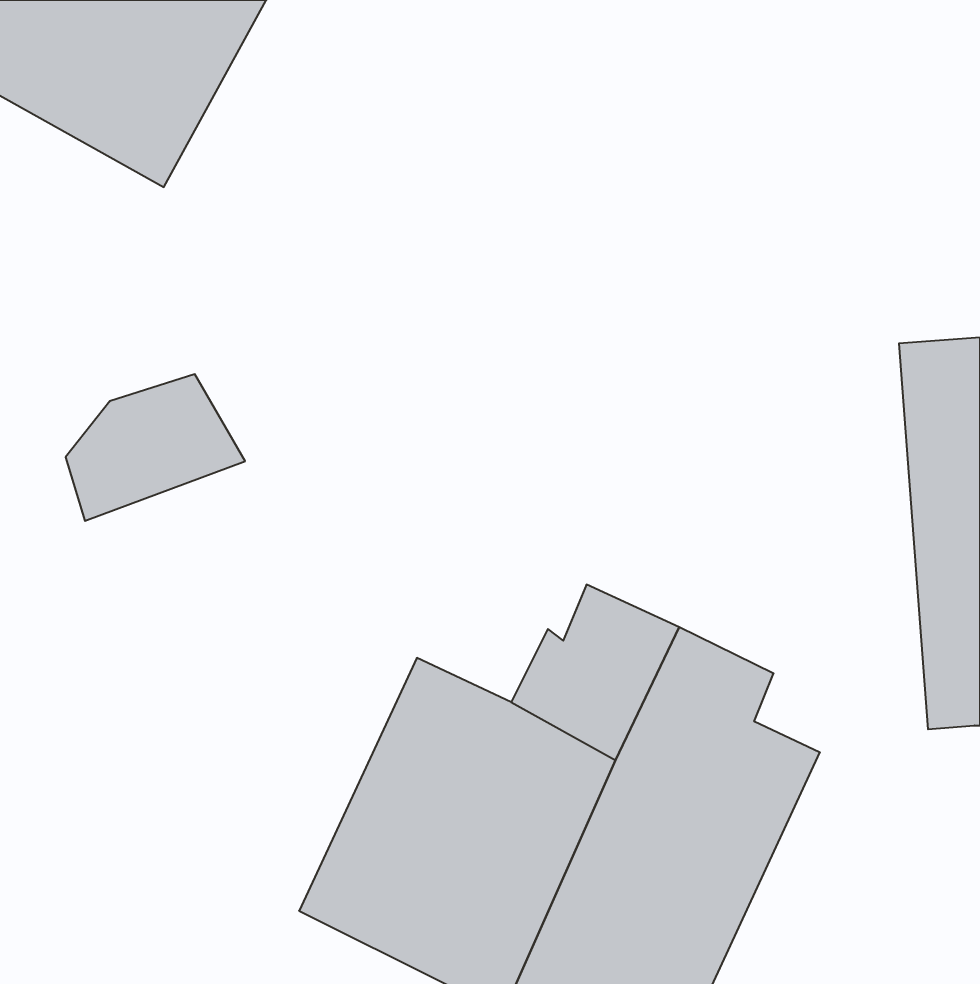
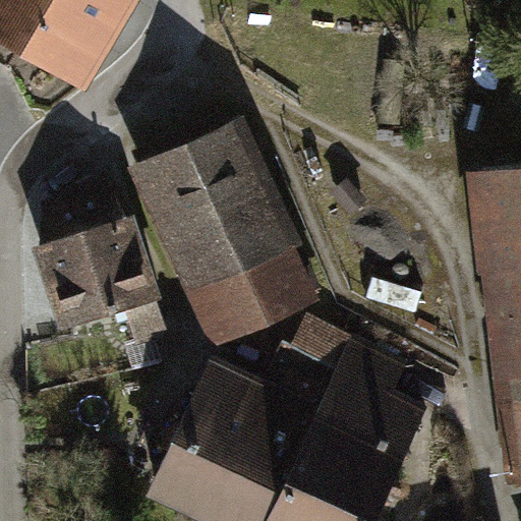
building: none -> [146,134,290,329]
building: none -> [45,244,148,326]

